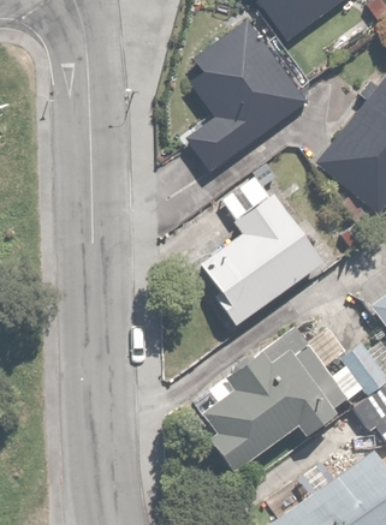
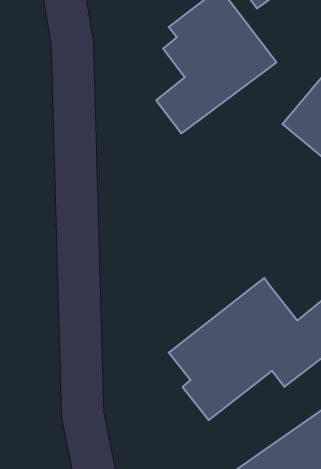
building: [196,172,322,324] -> none

